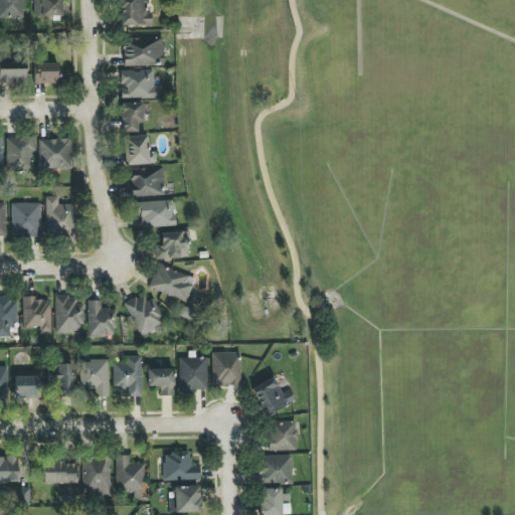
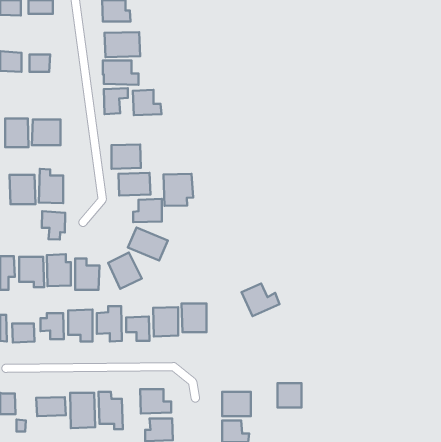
building: [124,136,157,165] -> [133,90,161,115]
building: none -> [164,174,193,206]
building: none -> [42,211,65,240]
building: [251,378,296,416] -> [241,283,279,316]
building: [269,422,297,451] -> [277,383,302,408]

